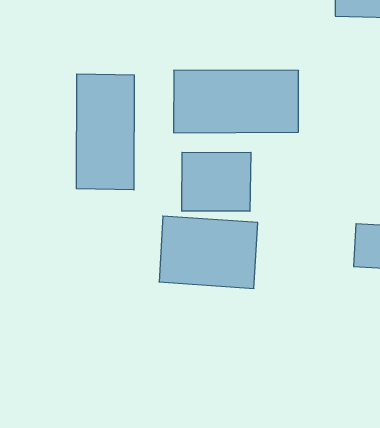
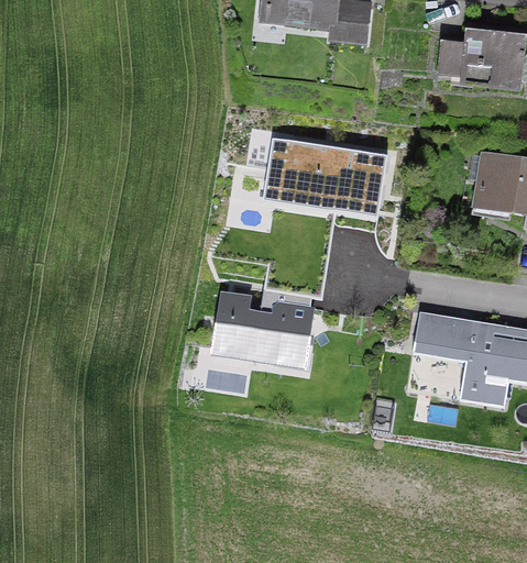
building: [76,74,134,190] -> none
building: [182,152,251,211] -> none

